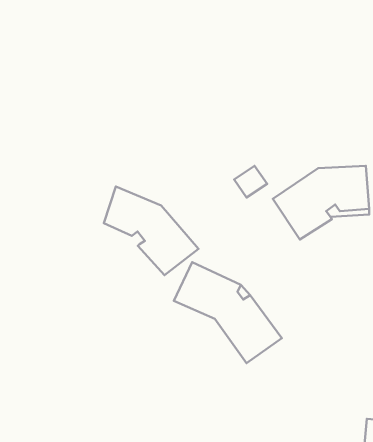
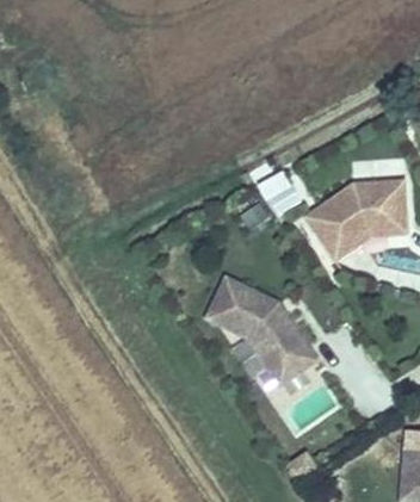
building: [104,186,199,275] -> none

